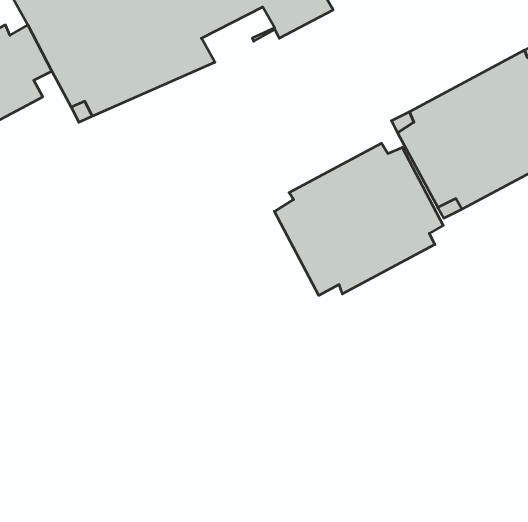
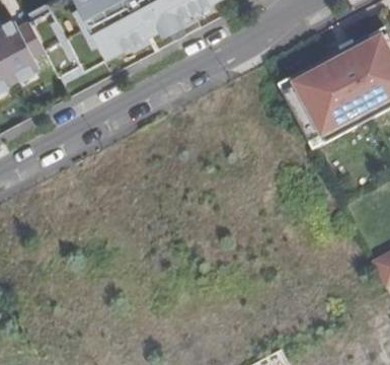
building: [274,143,443,295] -> none

